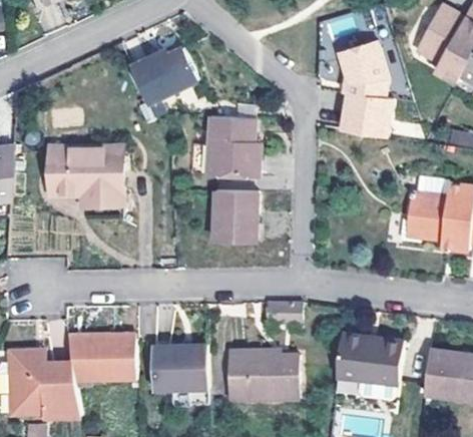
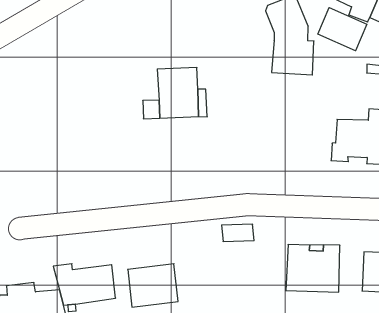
building: [129,45,197,102] -> none
building: none -> [318,8,367,51]
building: [48,149,119,204] -> none
building: [211,192,259,244] -> none
building: [228,349,300,398] -> none

